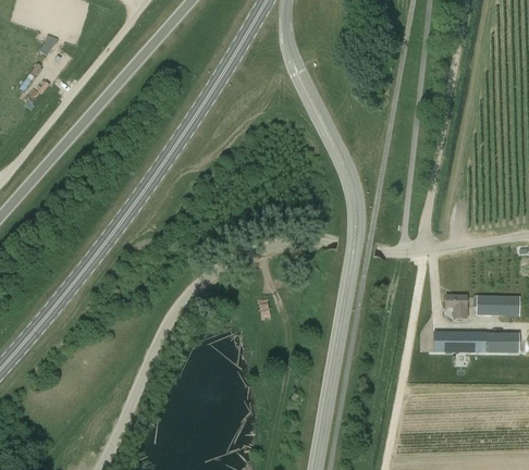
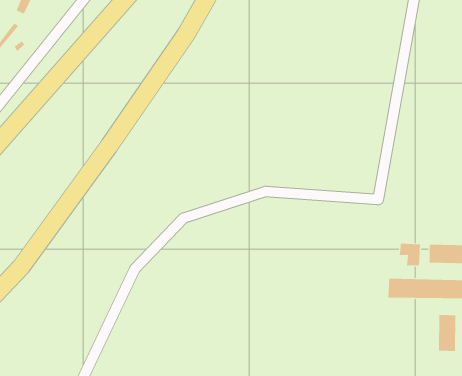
building: none -> [439,314,456,352]

